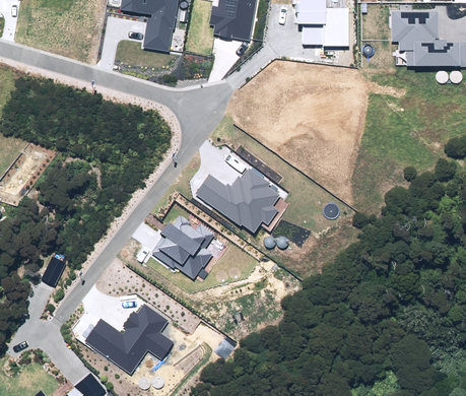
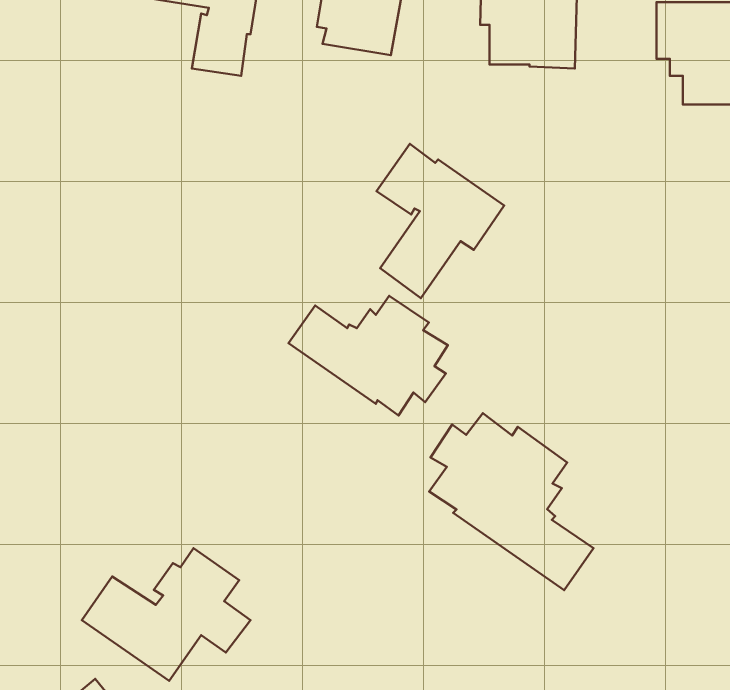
building: none -> [376,144,504,298]
building: [150,214,213,278] -> none
building: none -> [429,413,593,590]

